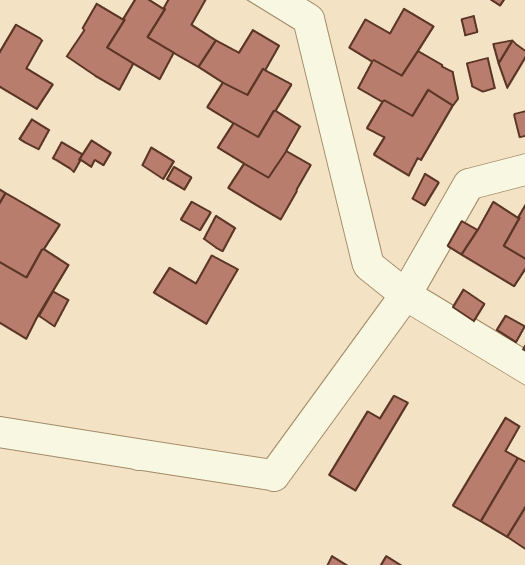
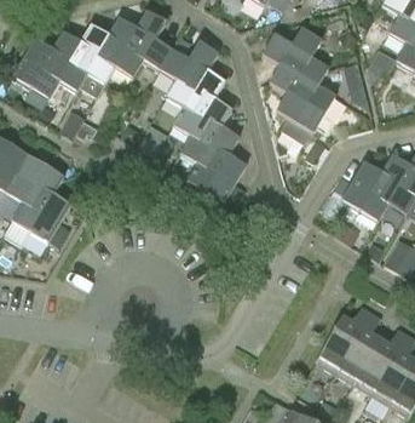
building: none -> [41,32,88,91]
building: [154,256,238,324] -> [188,154,246,201]
building: [329,396,408,491] -> [317,305,371,371]

